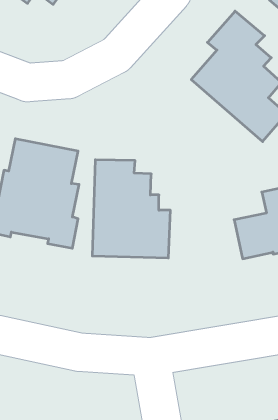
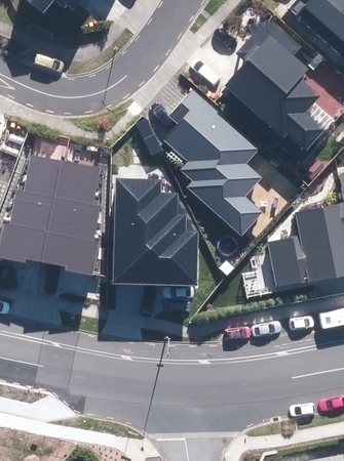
building: none -> [165,90,262,235]

